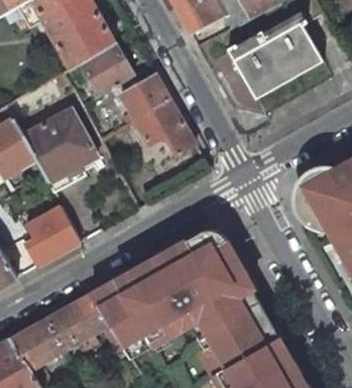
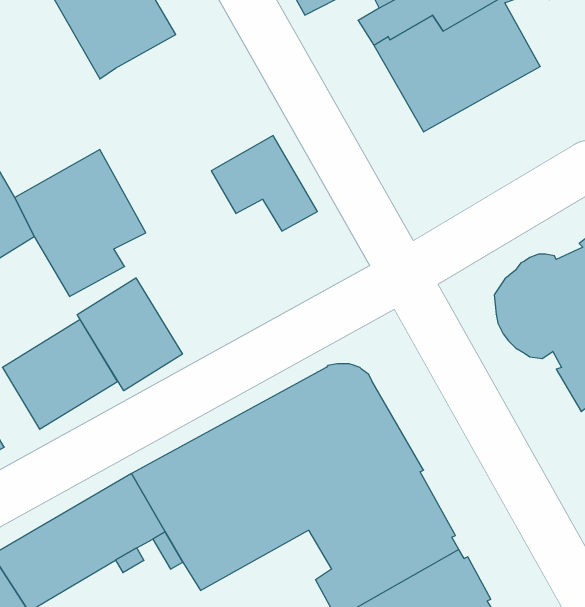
building: [81,42,133,99] -> none
building: [121,75,170,120] -> none
building: none -> [77,278,182,391]

